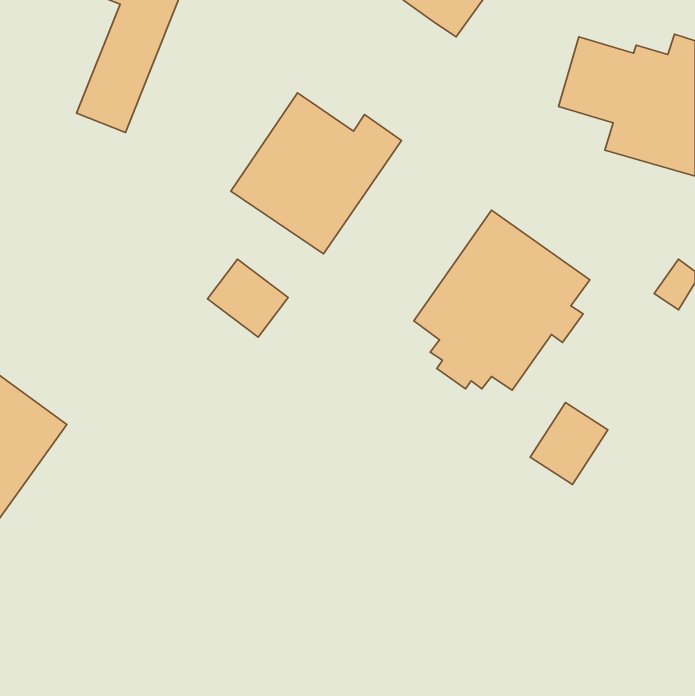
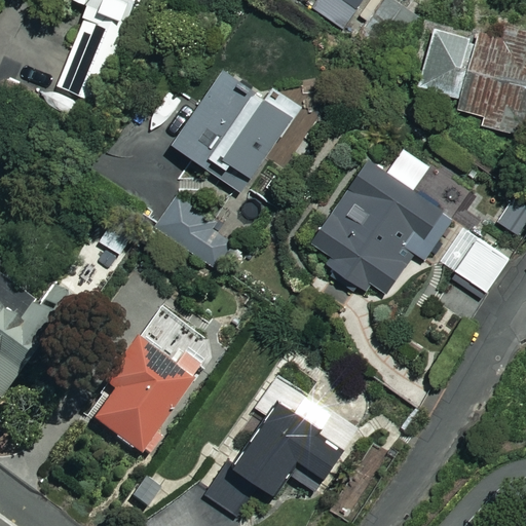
building: [530,402,608,484] -> [451,236,510,298]
building: none -> [89,340,199,454]
building: none -> [208,398,346,516]

